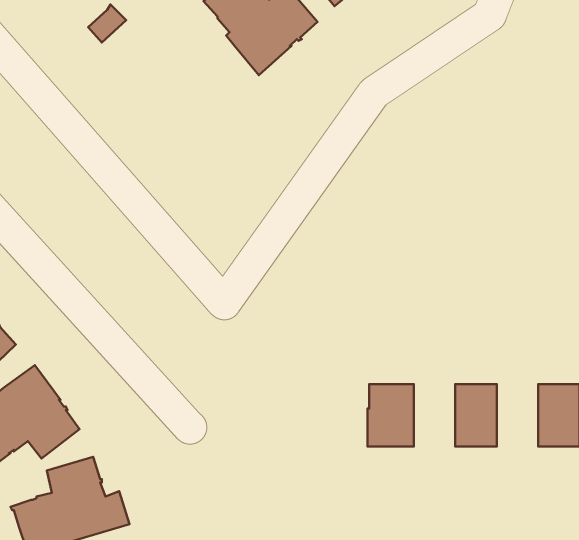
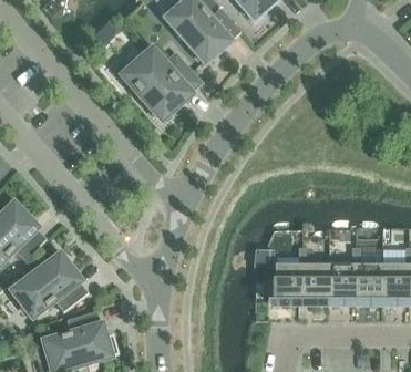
building: none -> [124,50,196,120]
building: none -> [301,264,328,303]
building: none -> [355,264,381,303]

